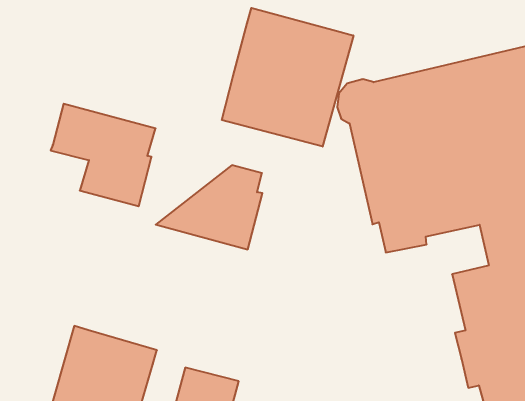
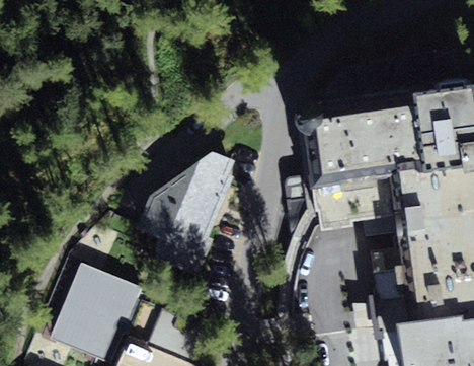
building: [222,8,353,147] -> none
building: [51,104,156,206] -> [137,192,218,275]

